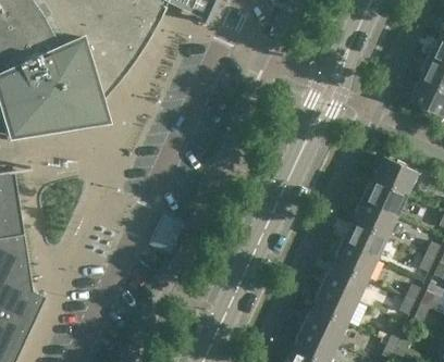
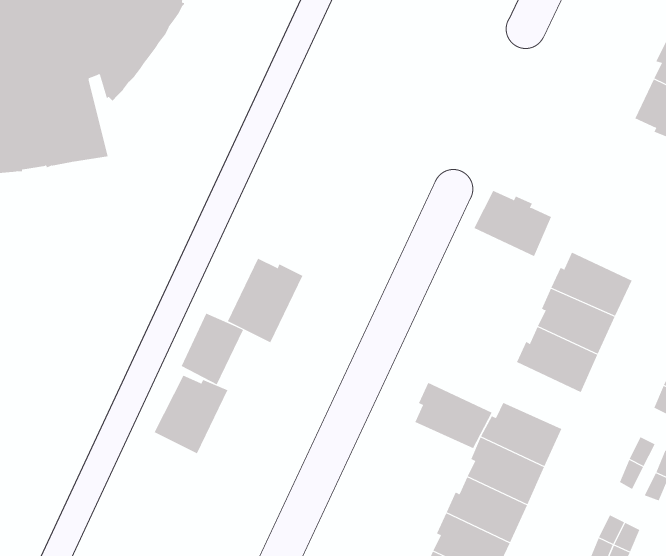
building: [372,159,417,197] -> [474,190,552,257]
building: none -> [227,258,303,343]
building: [333,244,378,282] -> [415,382,493,449]
building: none -> [154,375,228,454]

